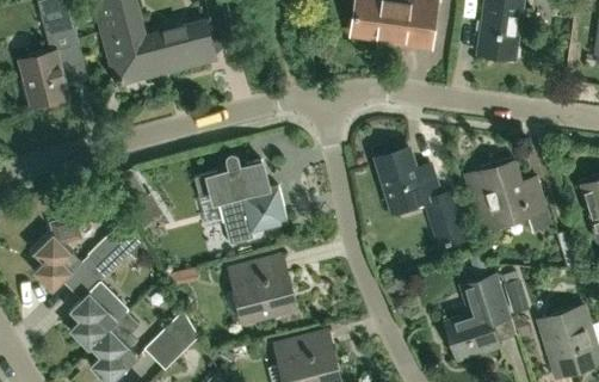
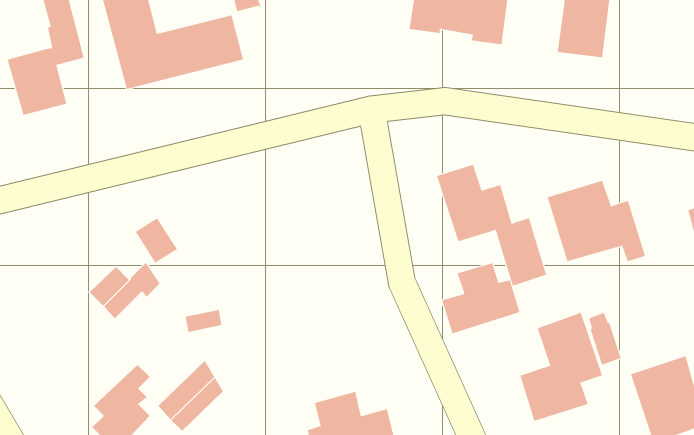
building: [194,154,286,246] -> none
building: [32,216,81,292] -> none
building: none -> [442,262,520,334]
building: [227,261,297,322] -> none
building: [68,282,126,351] -> none

